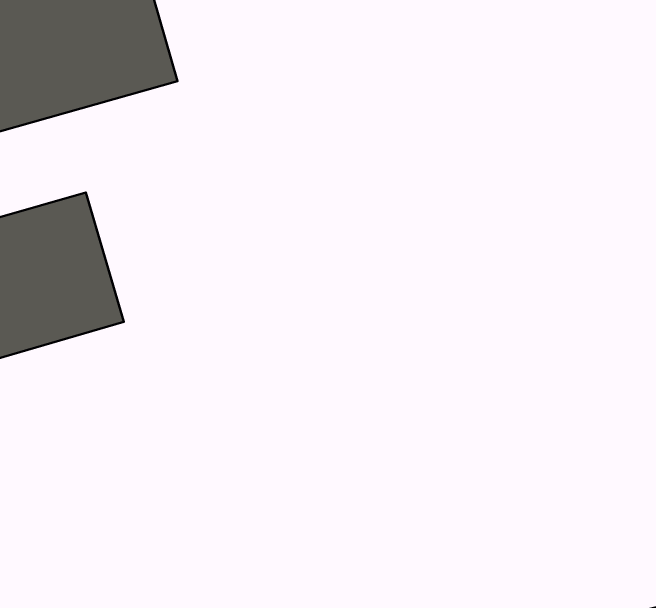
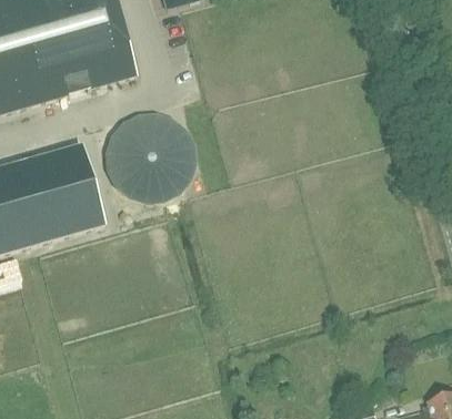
building: none -> [109,115,192,198]

